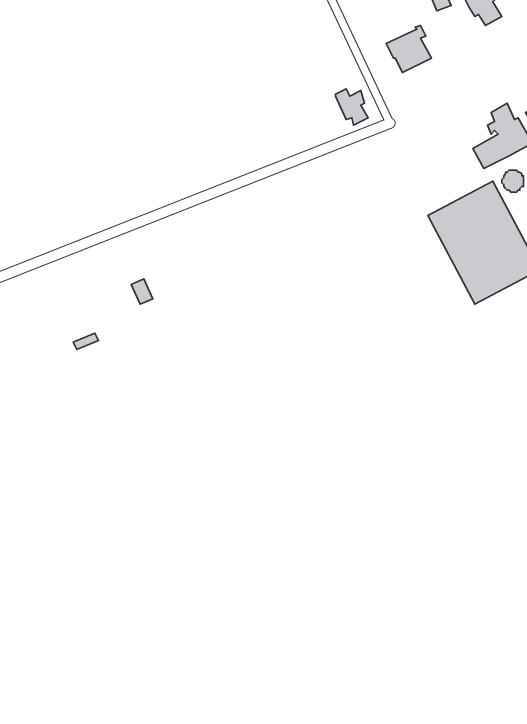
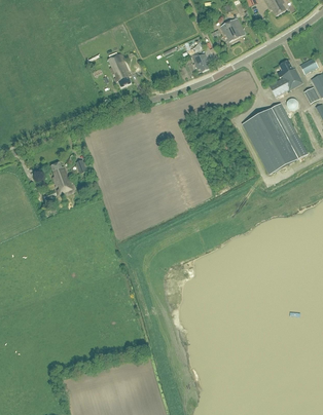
building: none -> [108,53,132,87]
building: none -> [50,161,72,193]

